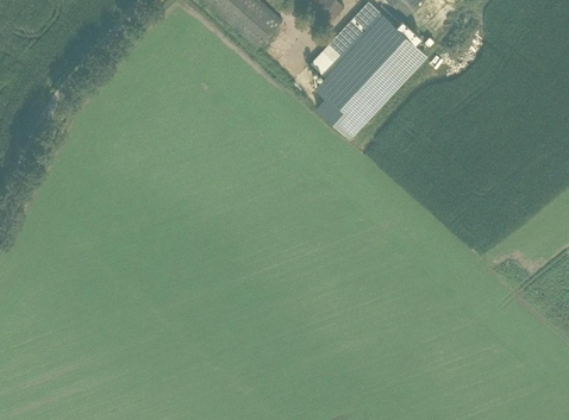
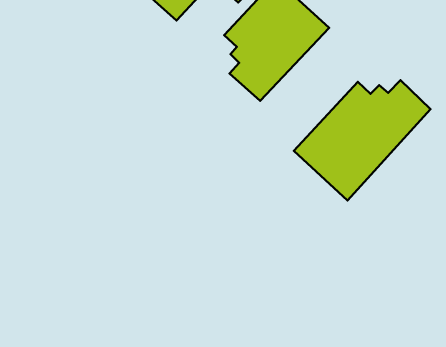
building: none -> [294,80,431,200]

